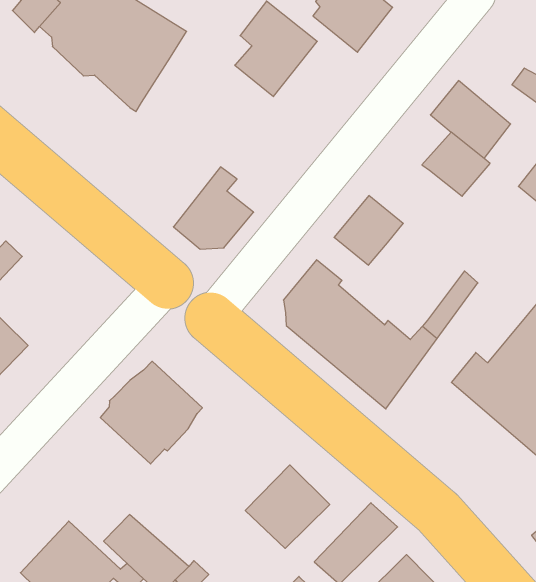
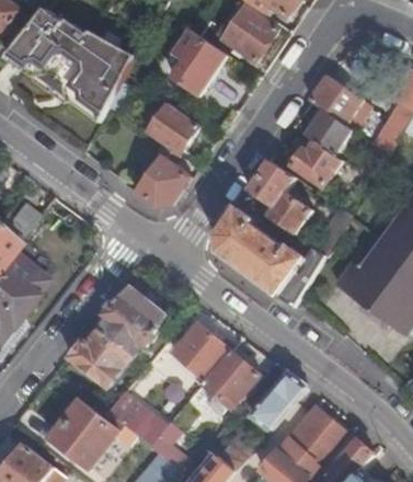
building: none -> [147,103,199,156]
building: none -> [291,138,342,187]
building: none -> [266,191,312,234]
building: none -> [67,326,133,388]
building: none -> [172,323,229,385]

